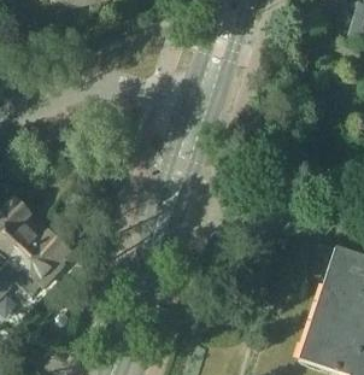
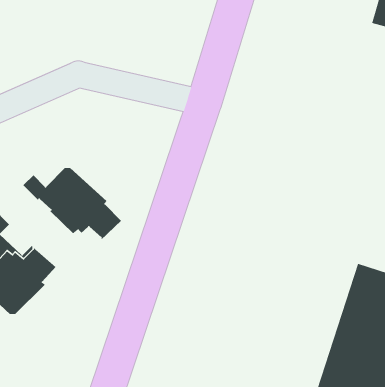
building: none -> [23,167,122,240]

